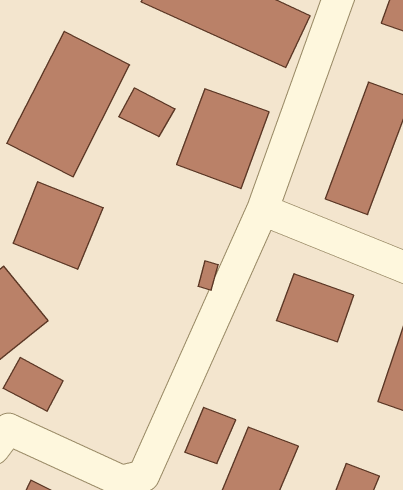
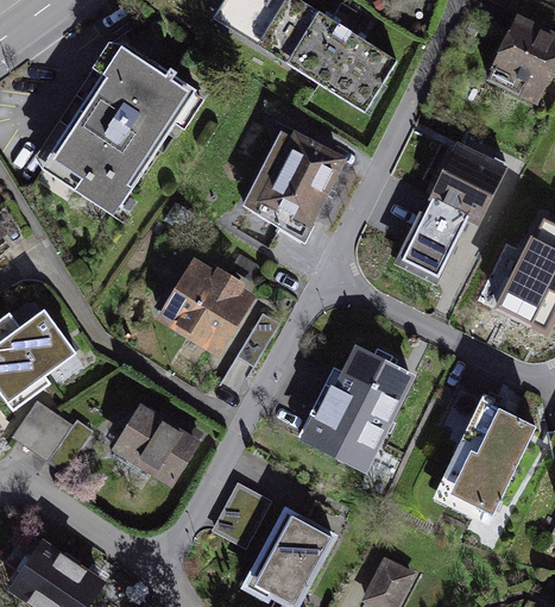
building: [119,88,175,137] -> none
building: [13,182,103,269] -> [151,256,256,358]
building: none -> [302,393,393,474]
building: none -> [107,395,202,483]

